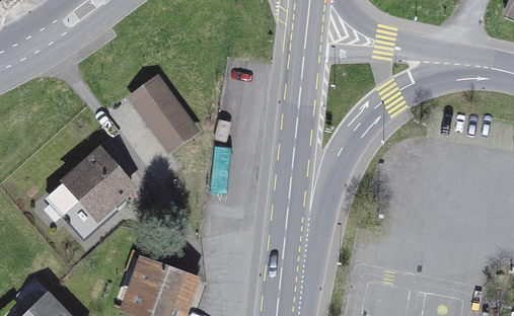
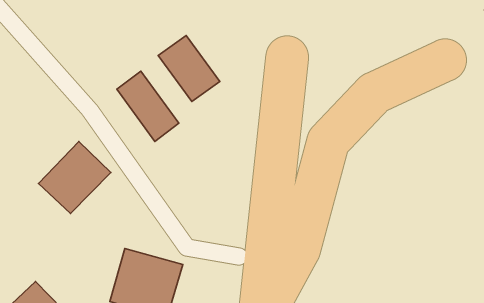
building: none -> [158,35,220,102]

